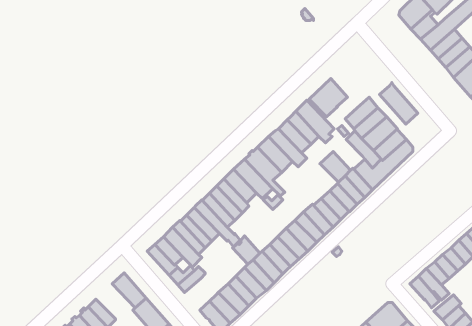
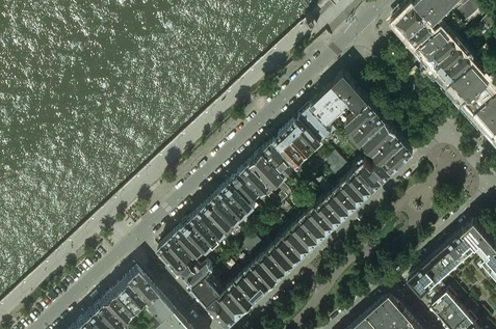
building: [380,83,418,124] -> [332,75,368,114]
building: none -> [192,276,223,306]
building: none -> [108,281,146,314]

